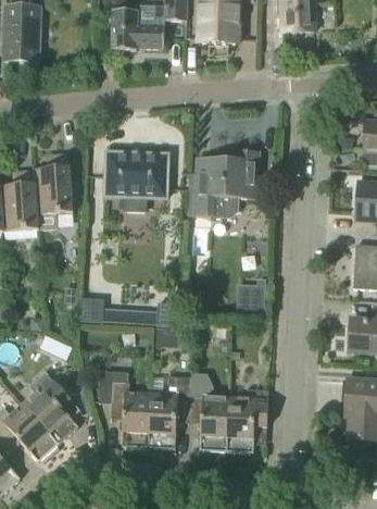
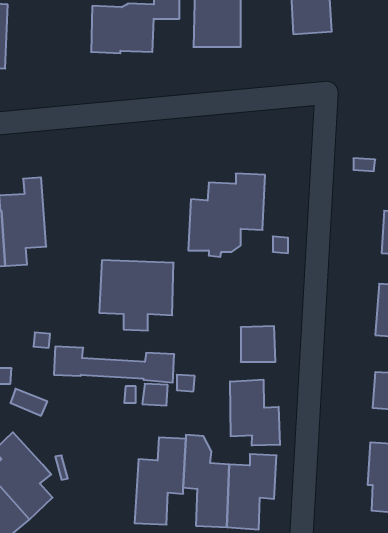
building: [104,151,167,211] -> [99,260,174,331]
building: none -> [230,380,280,446]
building: [99,370,151,447] -> none

